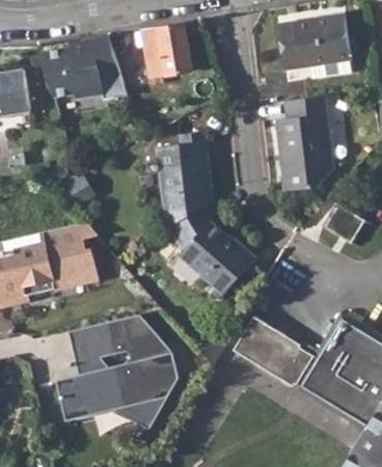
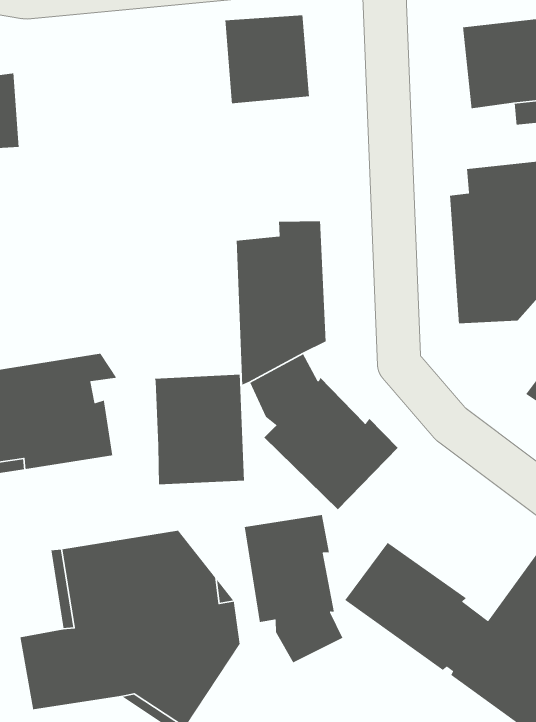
building: [42,36,129,100] -> none
building: none -> [154,374,245,485]
building: none -> [244,514,344,664]

